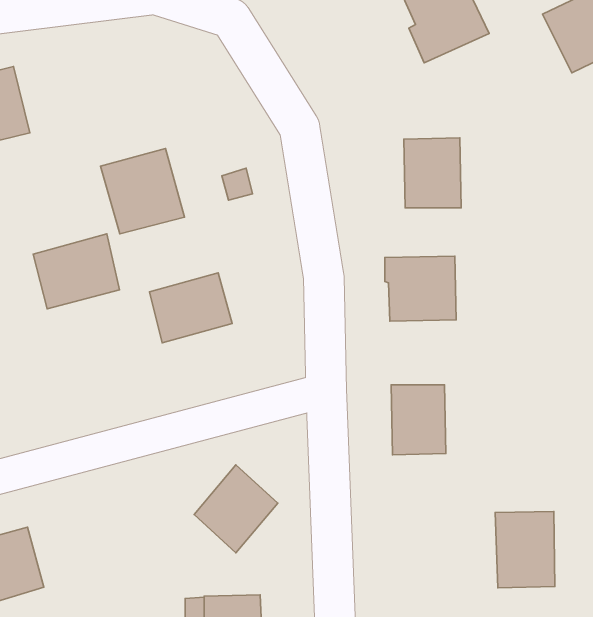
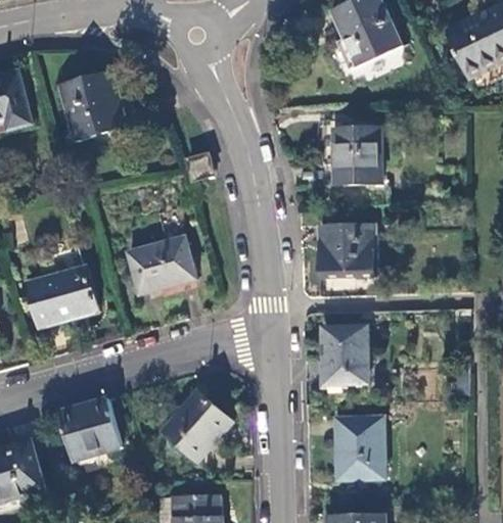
building: [101,148,185,234] -> [60,72,128,140]
building: [33,234,120,309] -> [28,266,97,326]
building: none -> [59,397,123,461]
building: [495,511,555,588] -> [336,418,384,479]

